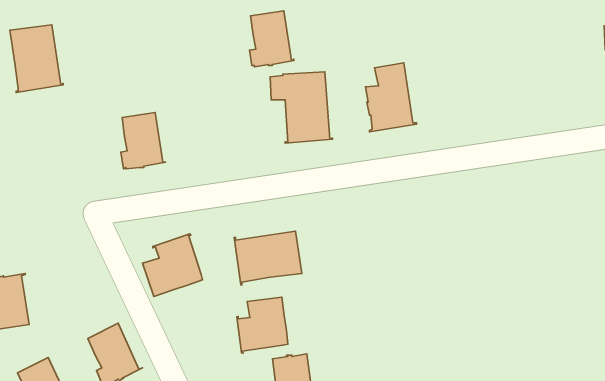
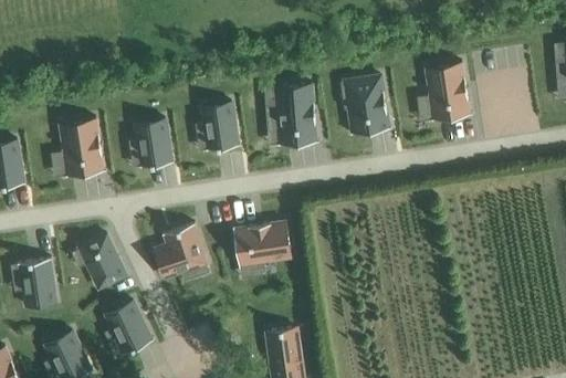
building: [249,11,294,67] -> [201,102,240,150]
building: [10,25,63,93] -> [60,118,106,177]
building: none -> [426,62,472,120]
building: none -> [78,234,126,287]
building: [237,297,288,353] -> none

